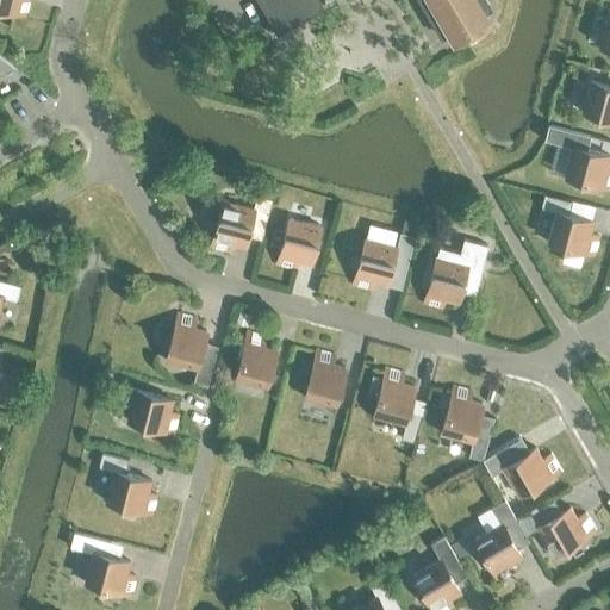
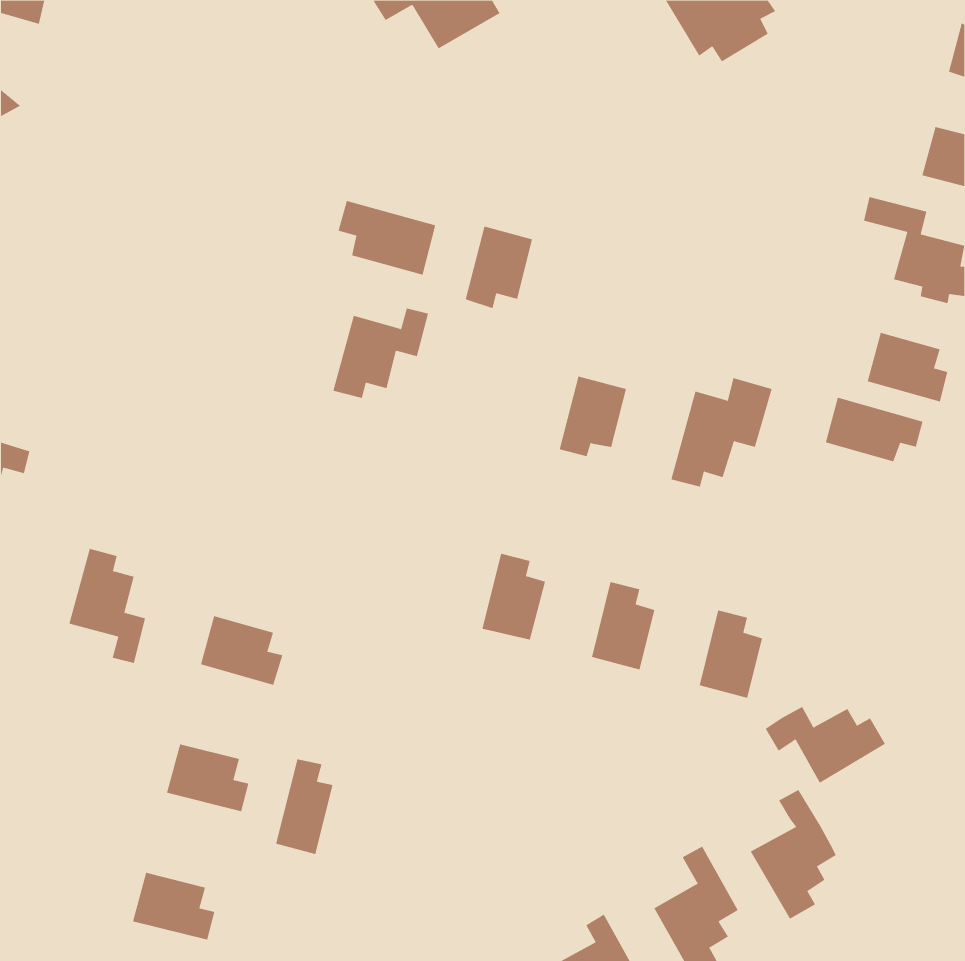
building: none -> [338,200,436,276]
building: [276,219,319,272] -> [465,226,533,309]
building: none -> [825,397,923,462]
building: [164,315,213,387] -> [69,548,146,663]
building: [235,334,276,388] -> none
building: none -> [276,758,333,855]
building: [517,502,593,555] -> none

